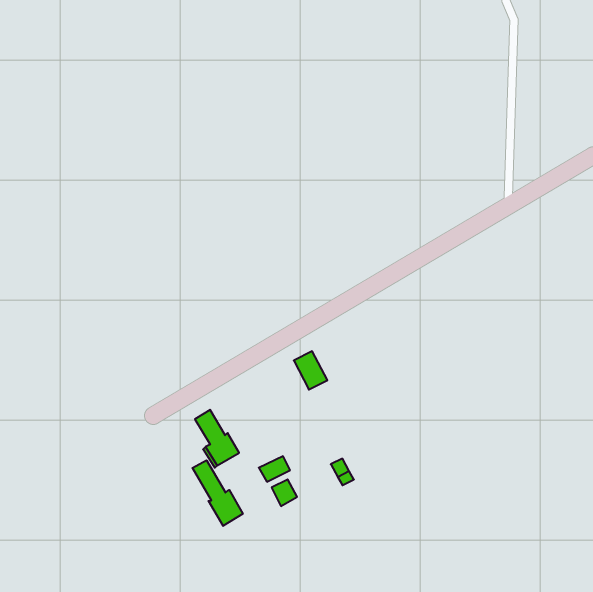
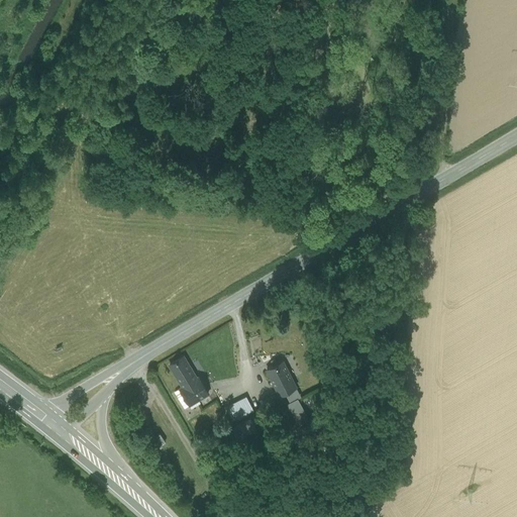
building: [294,351,327,390] -> [267,363,296,396]
building: [192,460,243,526] -> none

